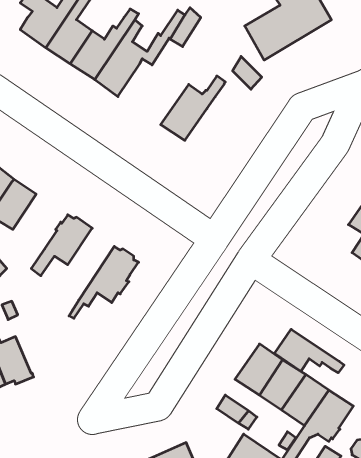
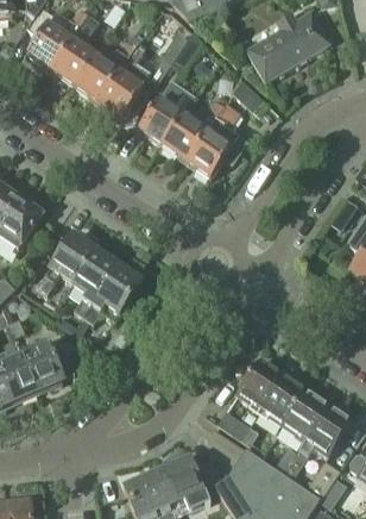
building: none -> [138,80,196,145]
building: none -> [187,106,238,177]
building: none -> [72,246,118,317]
building: none -> [19,342,63,388]
building: [275,329,344,373] -> none

